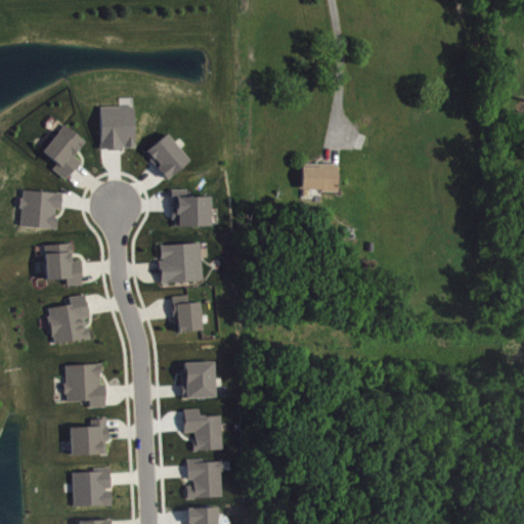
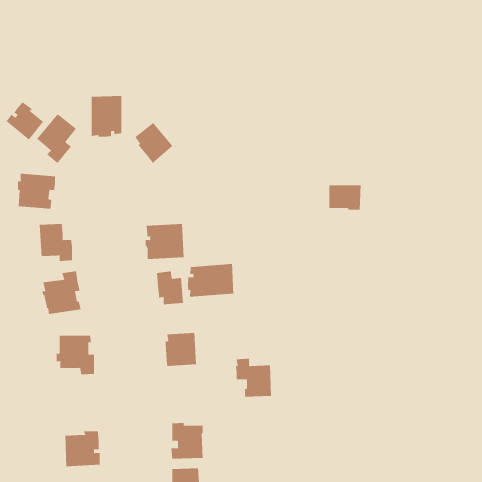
building: none -> [6,101,44,141]
building: [303,164,339,191] -> [328,185,362,210]
building: [171,189,210,226] -> none
building: none -> [187,263,234,297]
building: [182,408,222,450] -> [235,358,272,397]
building: [70,419,107,454] -> none

